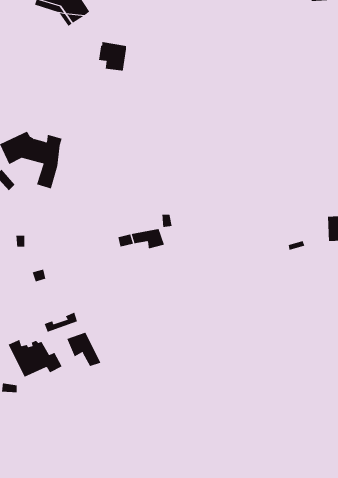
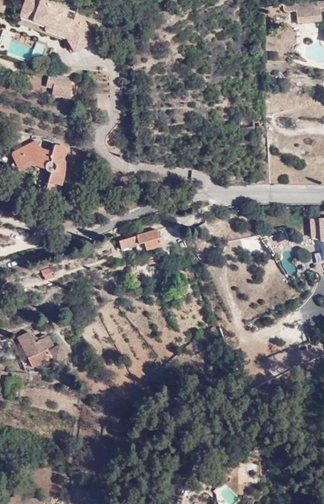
building: [98,42,127,71] -> [47,73,73,100]
building: [66,332,101,367] -> none

